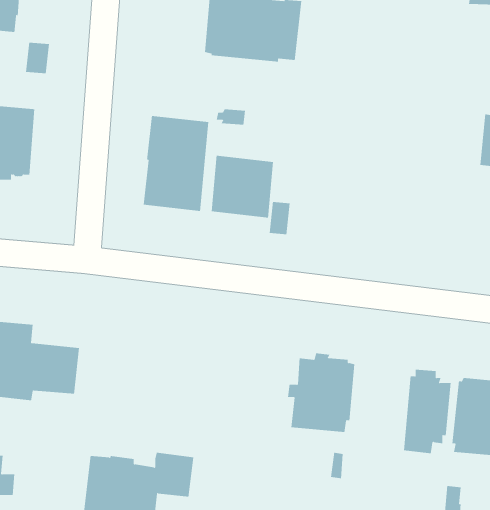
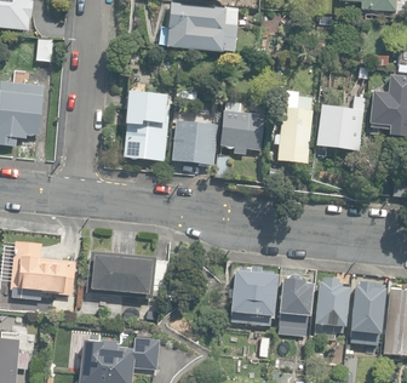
building: none -> [274,96,314,162]
building: none -> [316,96,366,152]
building: none -> [219,102,264,155]
building: none -> [87,251,168,298]
building: none -> [279,275,313,328]

